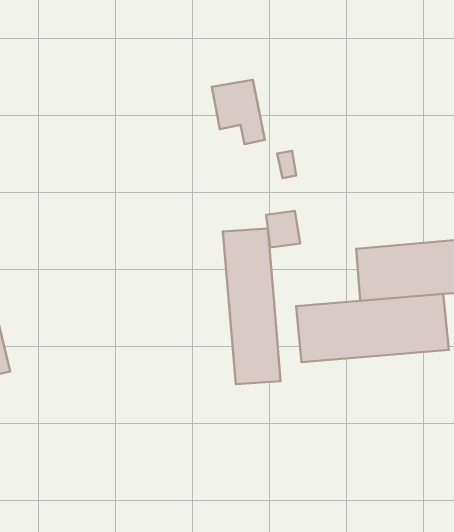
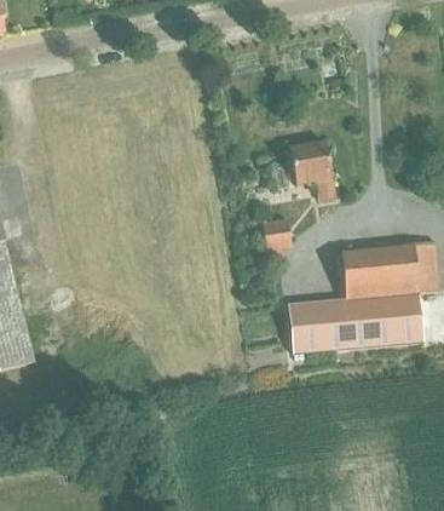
building: [212,80,265,144] -> [287,140,334,197]
building: [223,228,281,384] -> none

